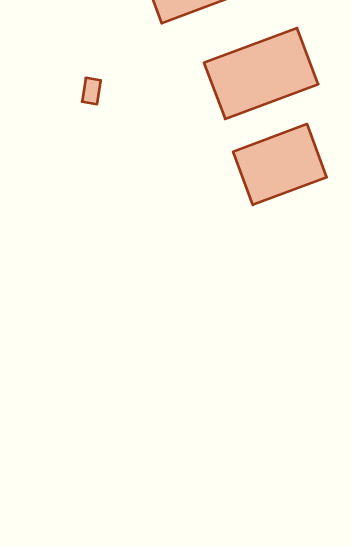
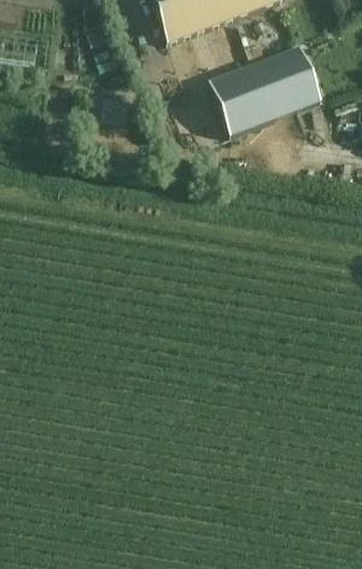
building: [233,124,327,205] -> none

